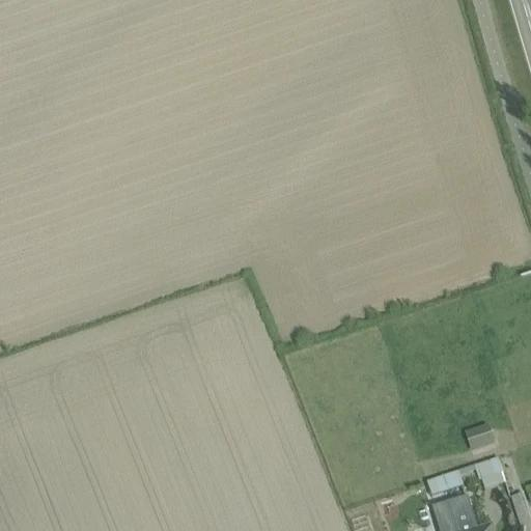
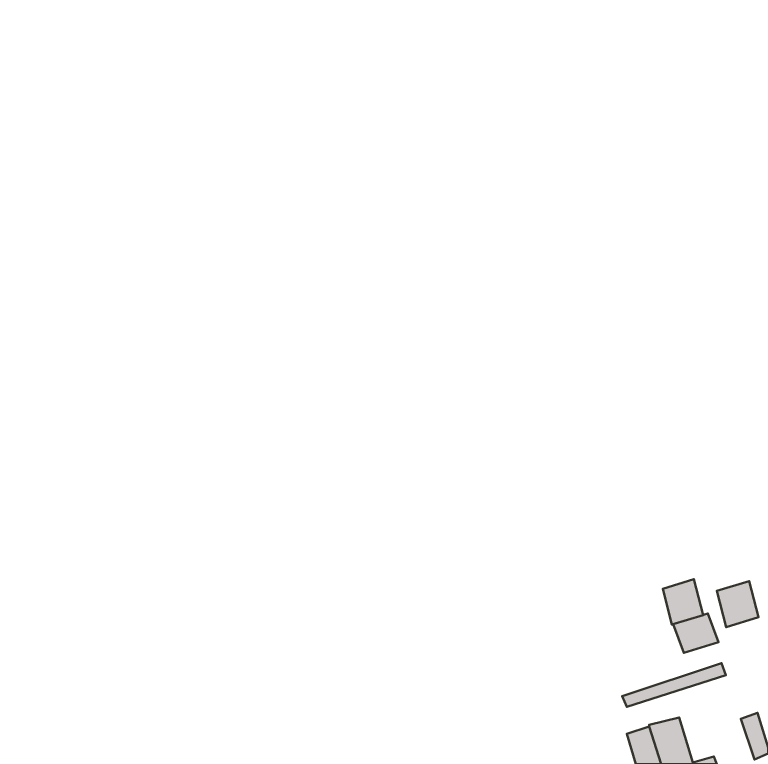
building: none -> [663,579,703,625]
building: none -> [717,581,758,627]

